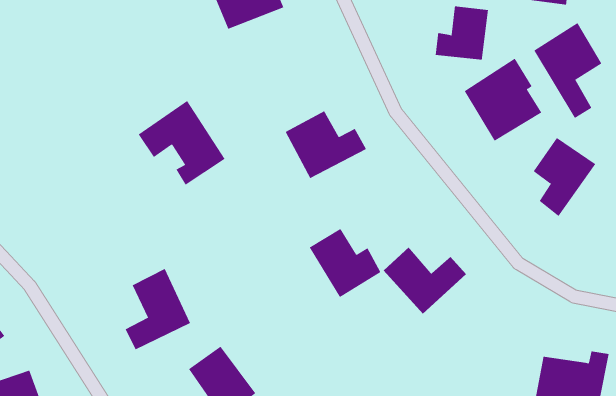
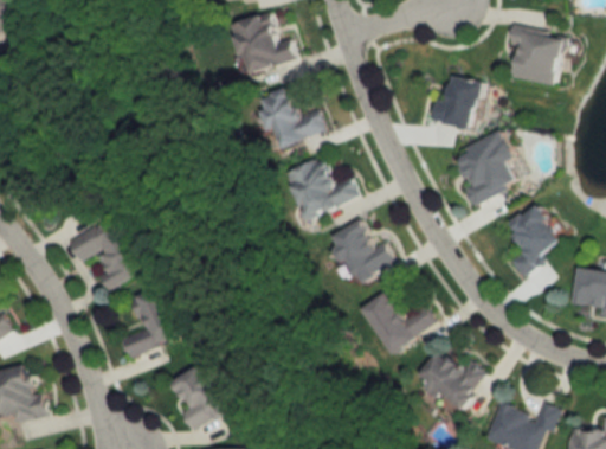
building: [533,22,602,119] -> none
building: none -> [257,90,321,148]
building: [138,100,225,186] -> [66,213,143,290]
building: [309,228,381,298] -> [330,219,393,282]
building: none -> [415,347,482,409]

